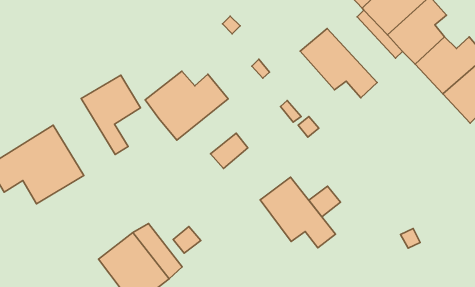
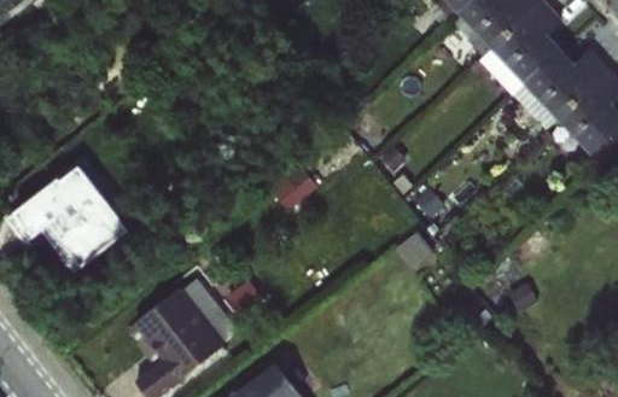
building: [300,28,377,98] -> none
building: [145,71,228,140] -> none
building: [81,75,141,155] -> none
building: [260,177,335,248] -> none

